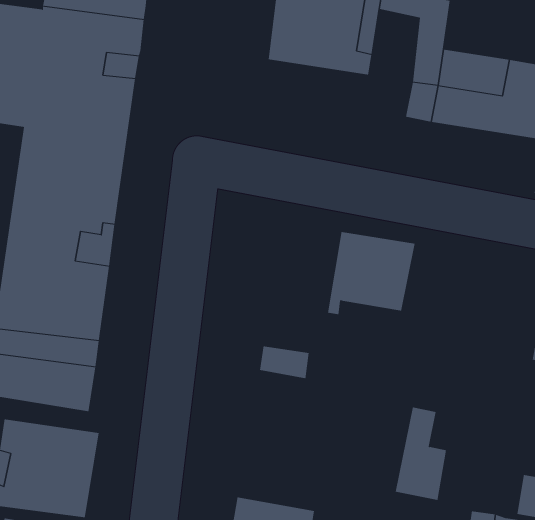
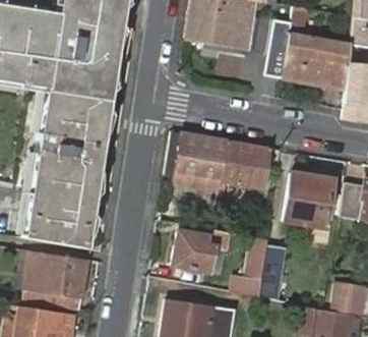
building: none -> [177,134,230,205]
building: none -> [285,173,334,227]
building: none -> [174,231,214,272]
building: none -> [233,236,270,297]

